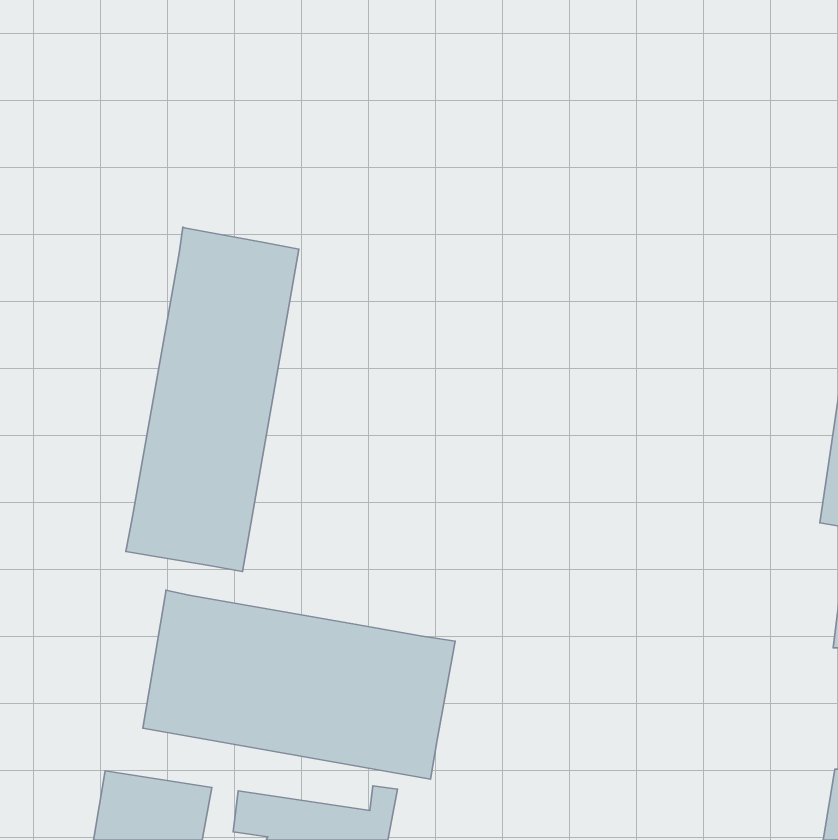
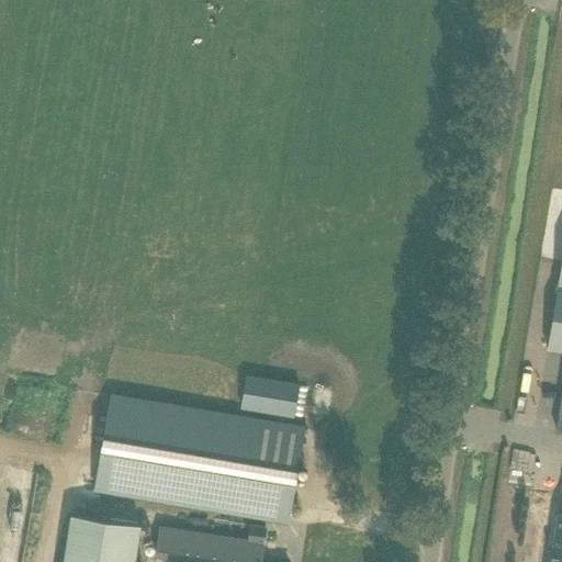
building: [126,227,299,572] -> none
building: none -> [241,378,301,416]

